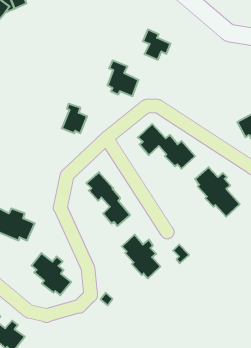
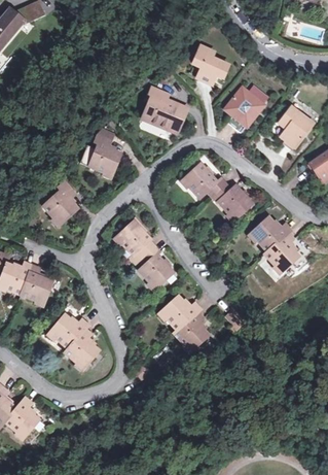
building: none -> [221,77,266,125]
building: none -> [274,101,308,142]
building: none -> [41,183,78,224]

